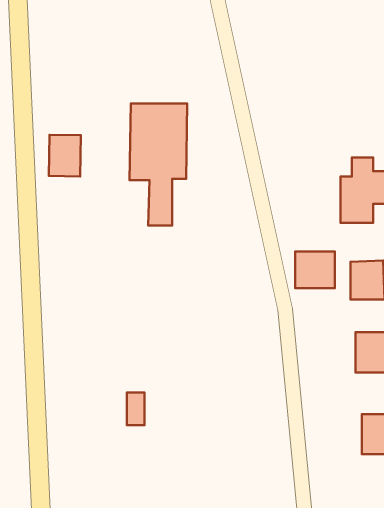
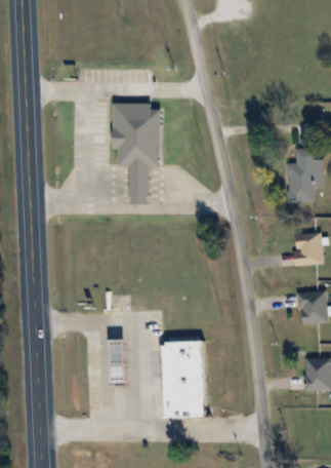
building: [49,135,81,176] -> none
building: [295,252,335,288] -> none
building: none -> [163,341,206,419]

